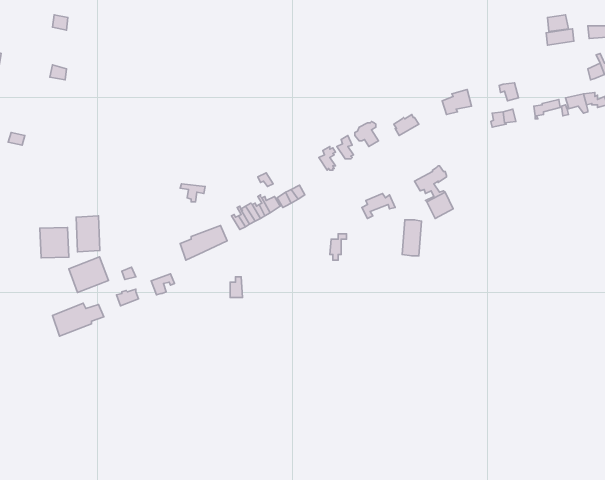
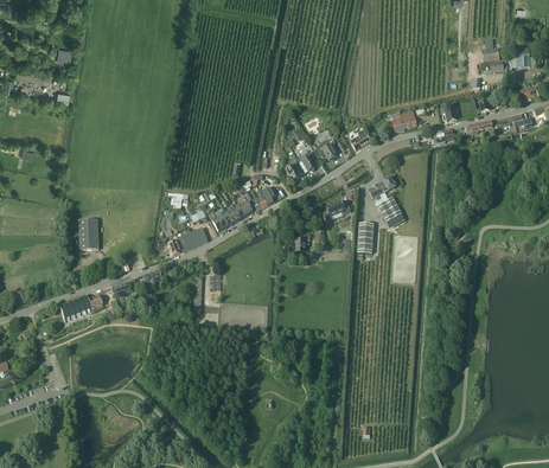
building: [40,228,69,258] -> none
building: [69,257,108,293] -> none

